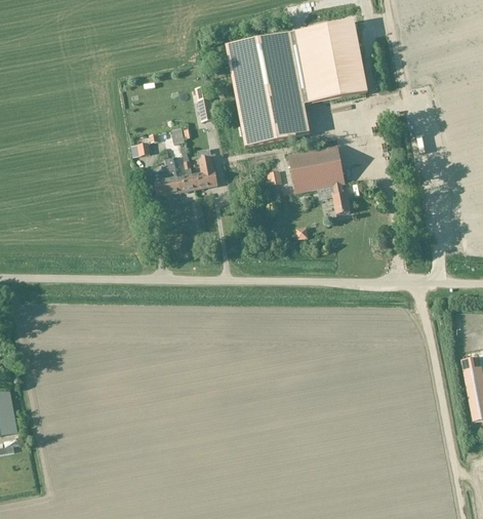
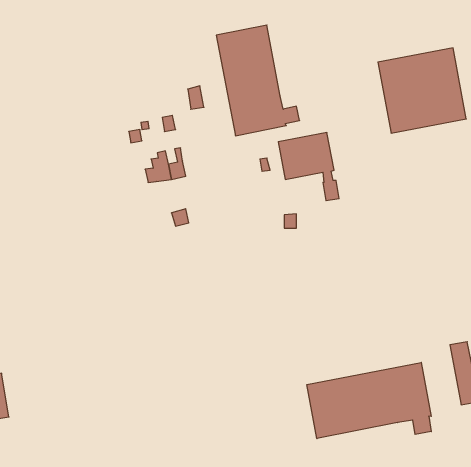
building: [277,21,366,107] -> [378,48,466,133]
building: [192,155,216,188] -> none
building: none -> [307,362,431,439]

